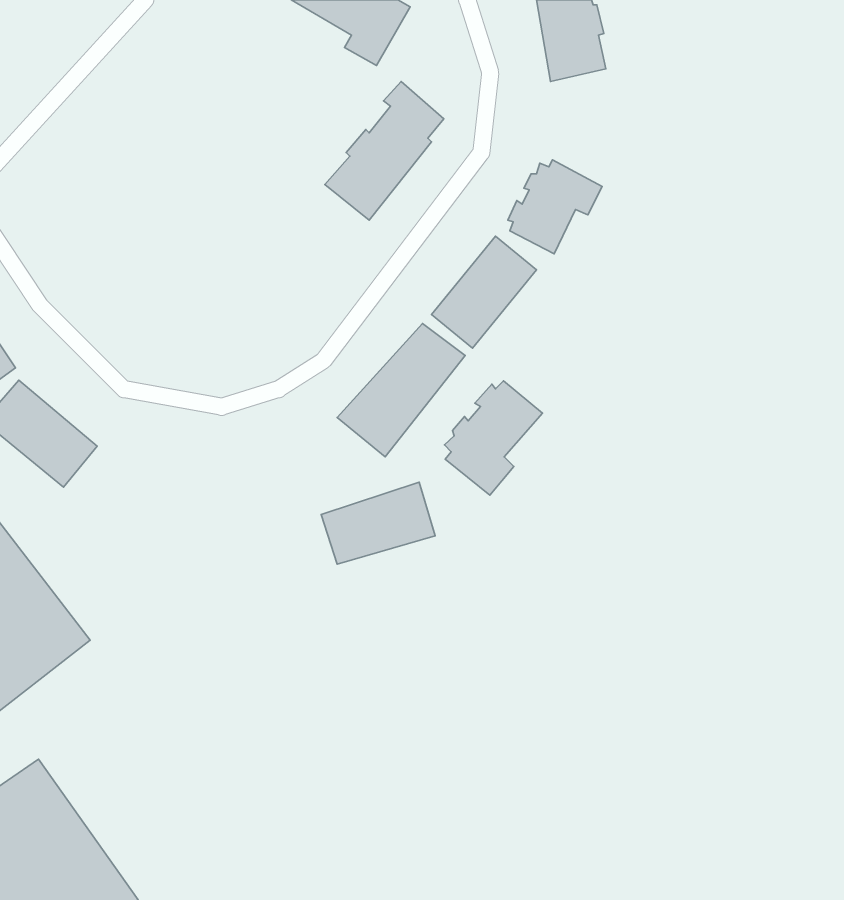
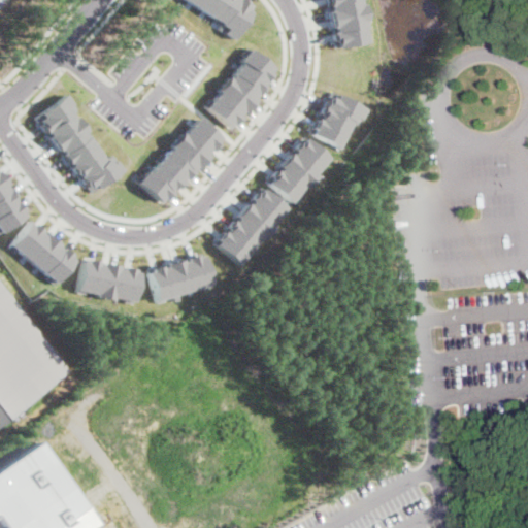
building: none -> [38,94,125,193]
building: none -> [139,119,223,205]
building: [445,381,542,495] -> none
building: none -> [76,259,140,304]
building: [321,482,435,564] -> [147,254,213,301]

